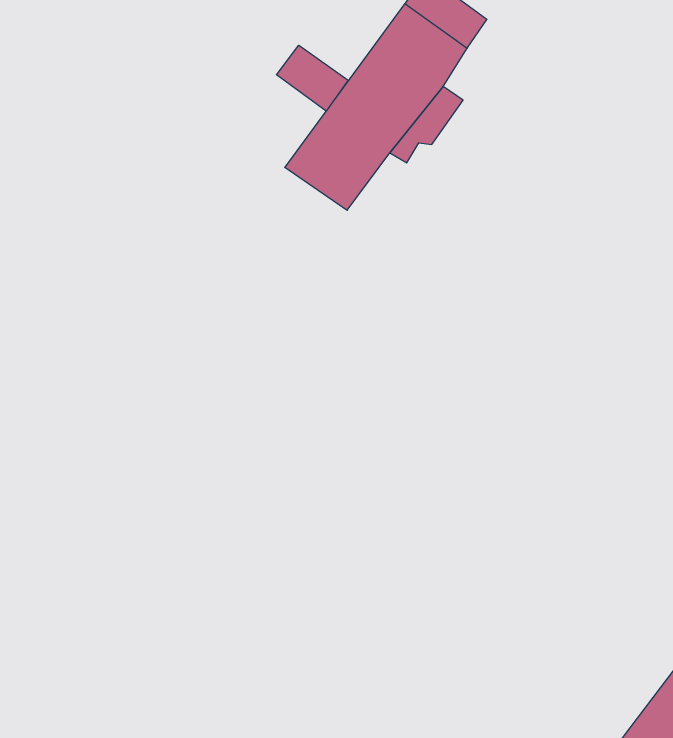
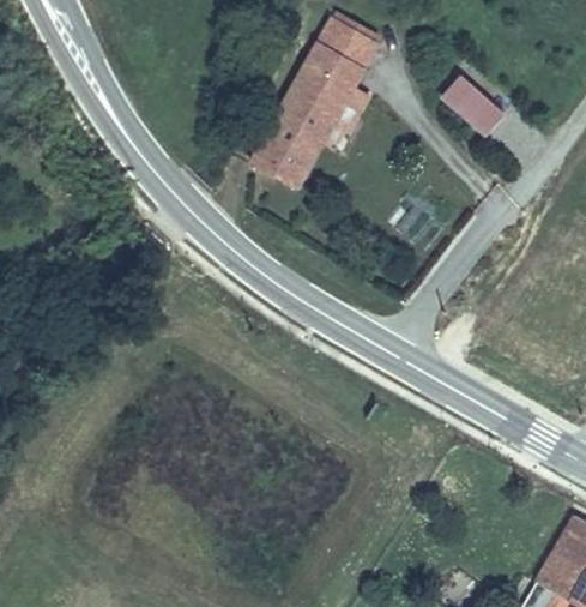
building: [276,45,348,111] -> none
building: none -> [440,70,508,136]

